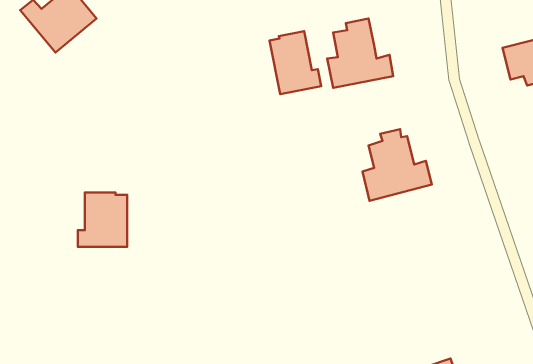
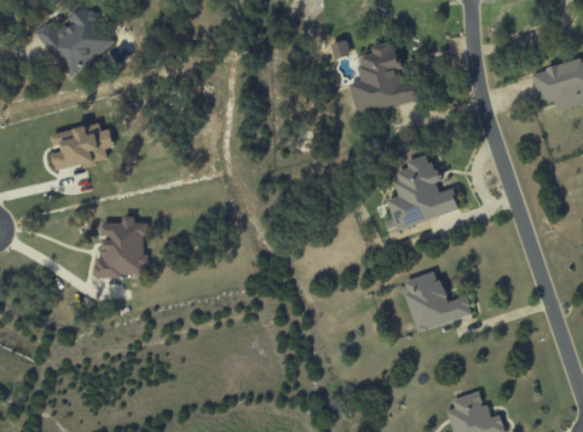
building: [270,31,321,94] -> none
building: none -> [52,122,115,169]
building: none -> [403,271,474,330]

